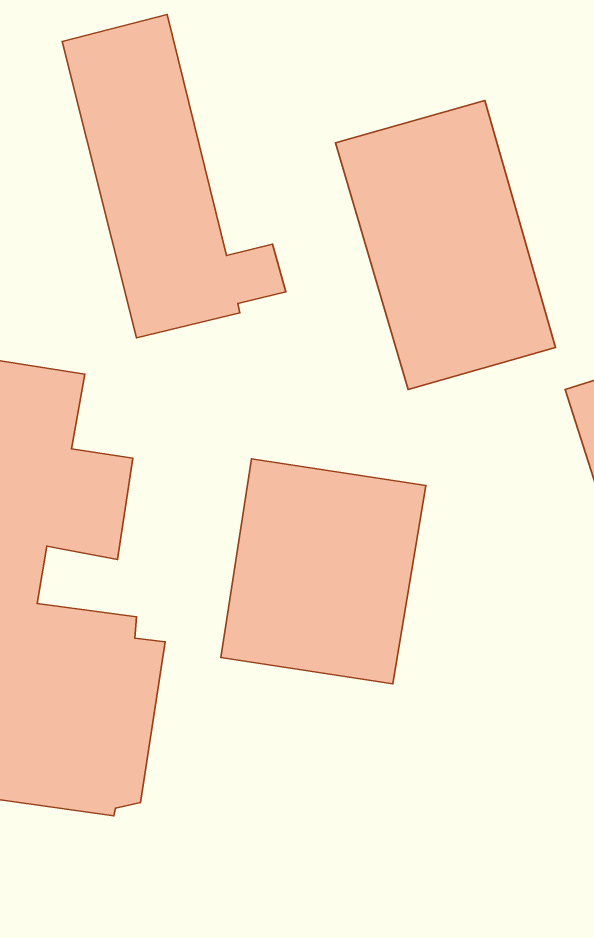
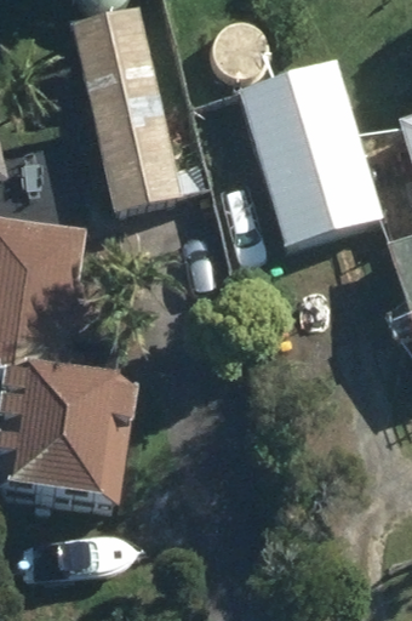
building: [221,459,426,684] -> none

